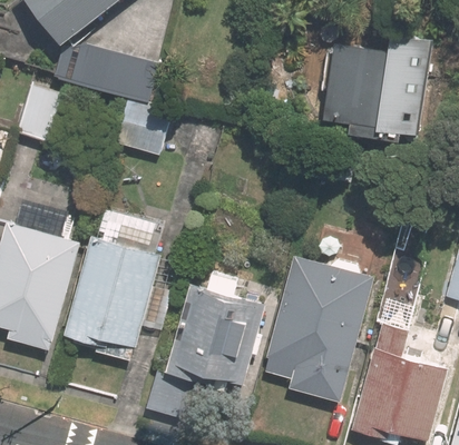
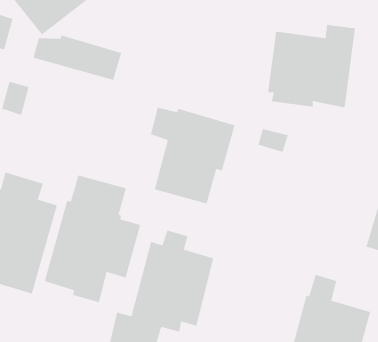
building: [116,100,169,154] -> none
building: none -> [150,107,235,205]
building: [264,257,371,400] -> none

